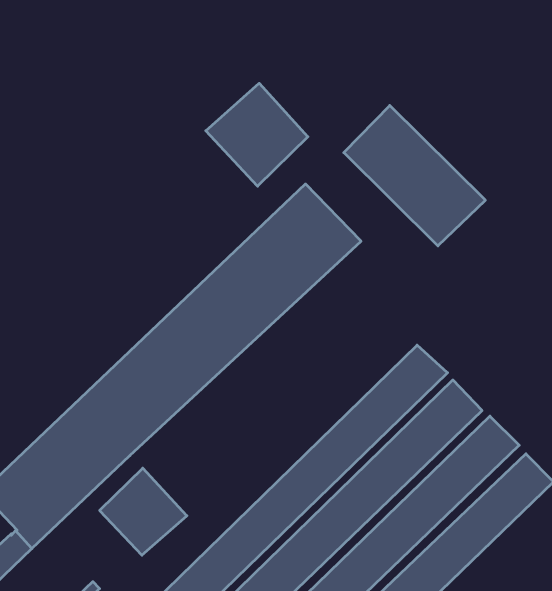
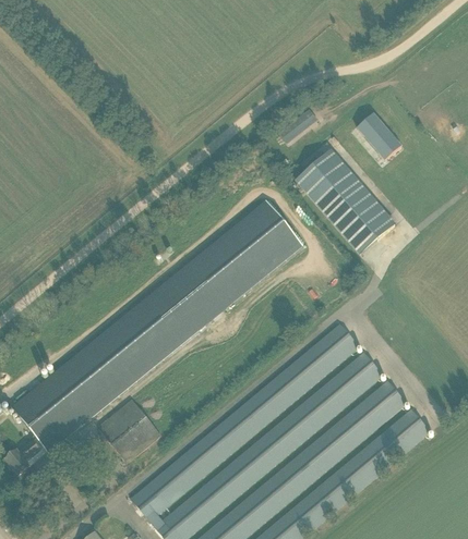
building: none -> [353,111,401,160]
building: [206,83,308,186] -> none

